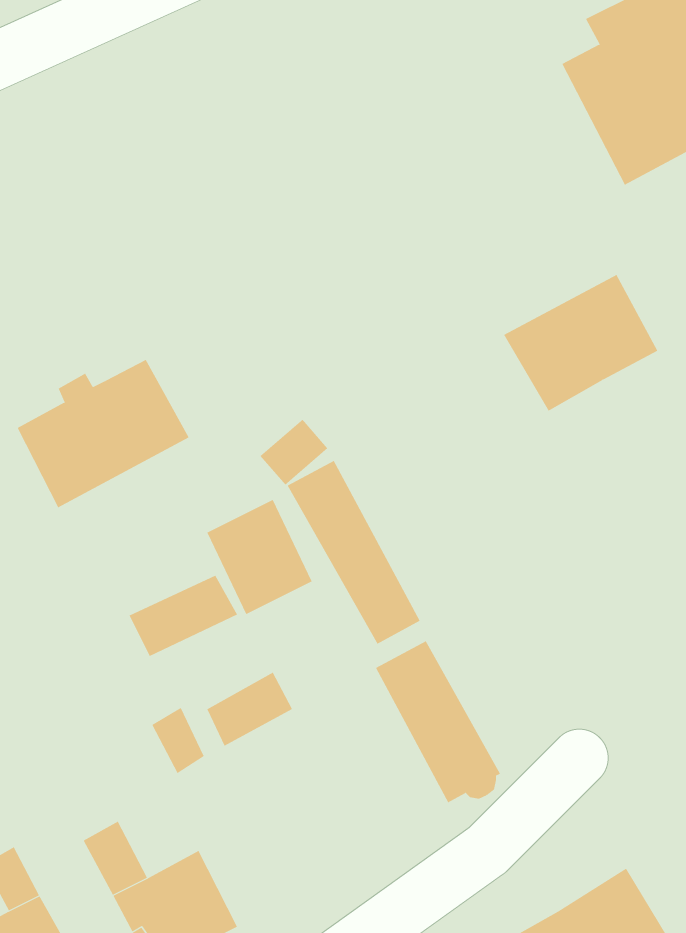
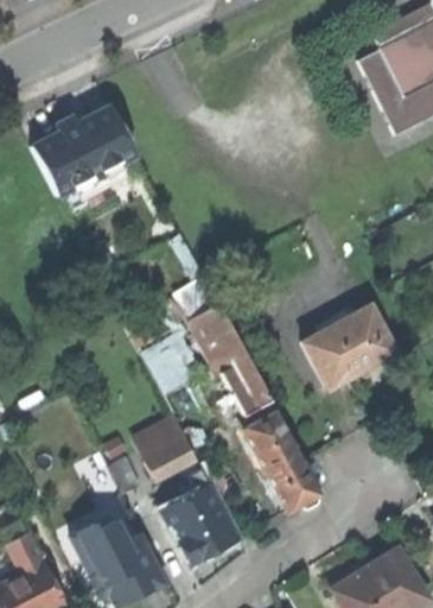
building: [503,274,658,411] -> [303,304,396,387]
building: [17,359,189,508] -> [31,108,135,198]
building: [129,575,238,657] -> none
building: none -> [161,473,234,559]

